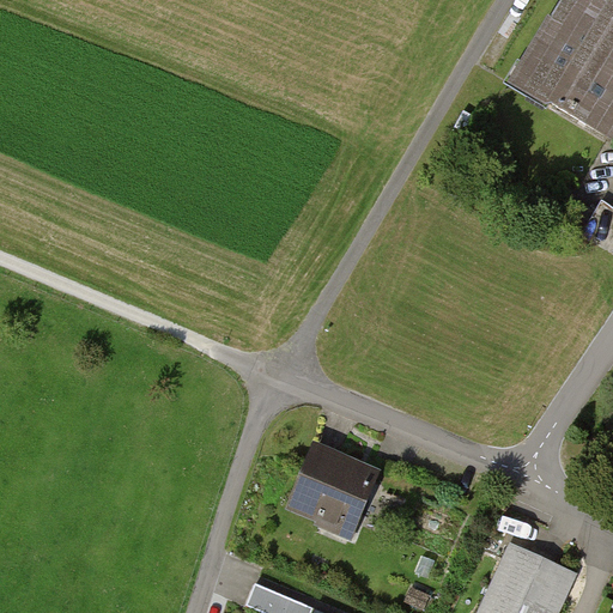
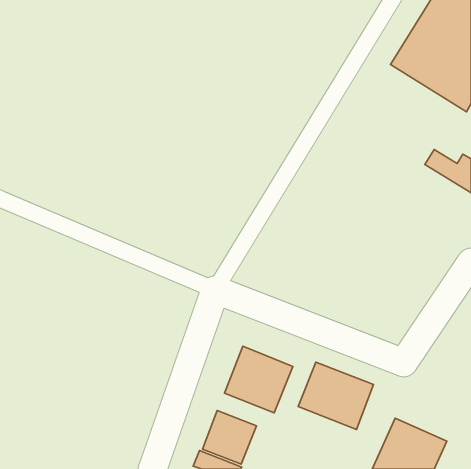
building: none -> [298,362,373,429]
building: none -> [203,410,256,464]

